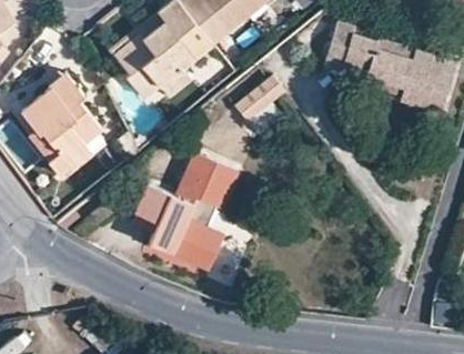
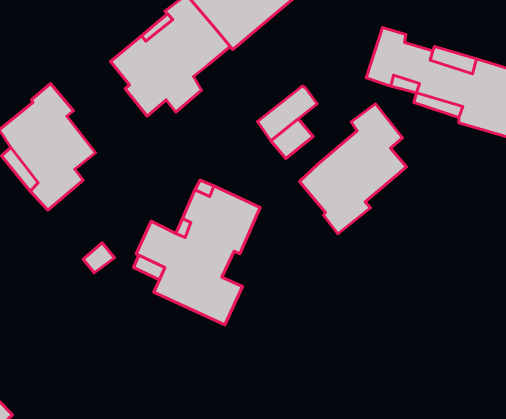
building: none -> [299,104,406,234]

